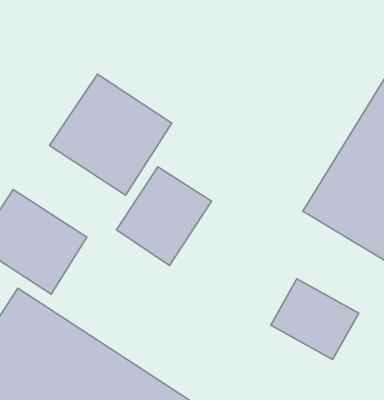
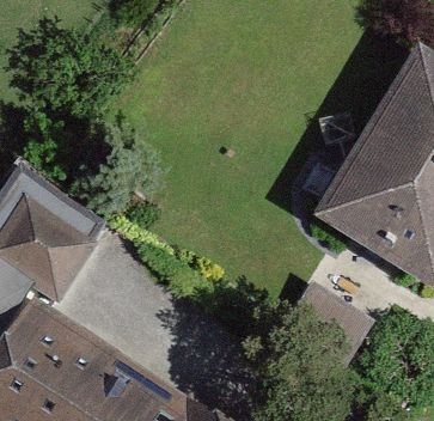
building: [49,74,172,195] -> none
building: [116,167,211,266] -> none

